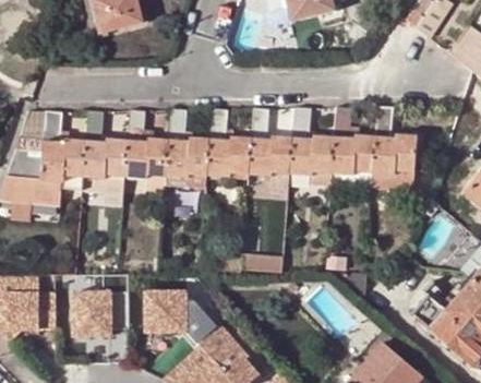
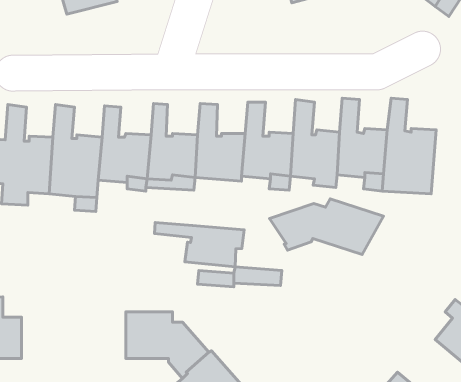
building: none -> [270,199,384,254]
building: none -> [155,223,244,267]
building: [74,276,129,337] -> none

